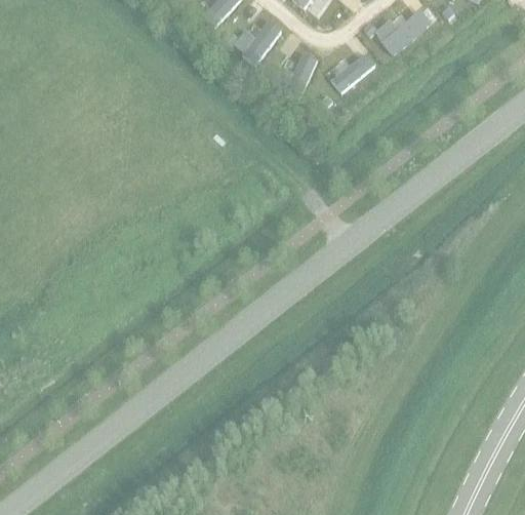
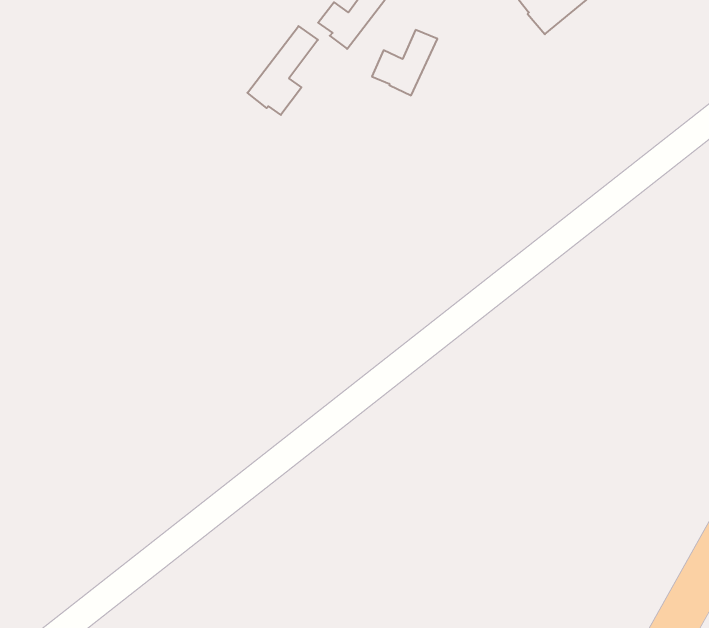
building: [330,48,377,92] -> none
building: none -> [247,26,318,115]

